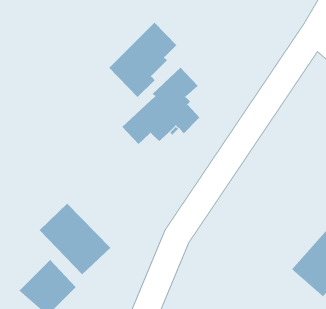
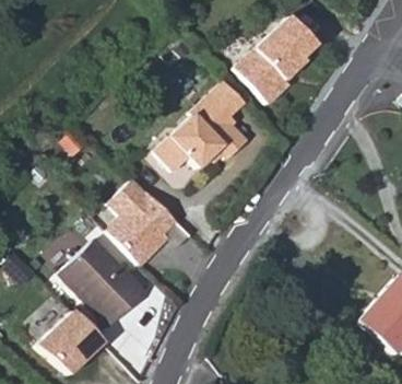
building: [109,22,177,98] -> [237,15,317,104]
building: none -> [110,177,178,263]

